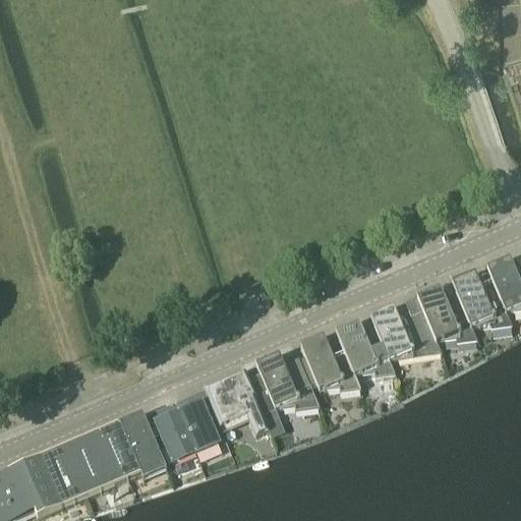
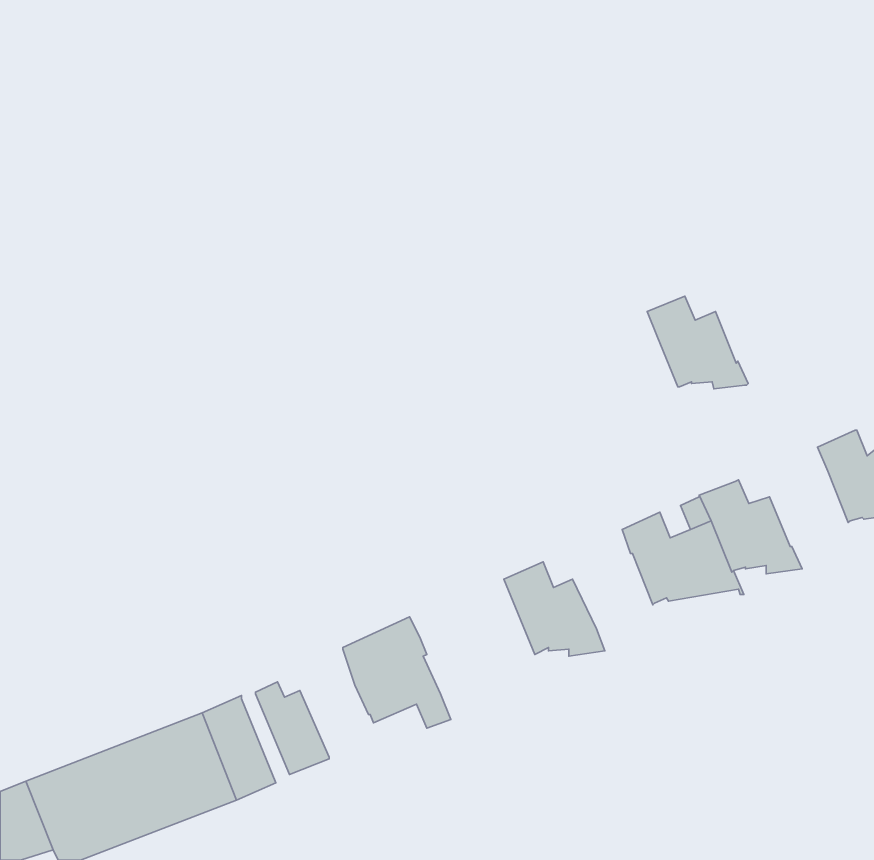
building: [452,271,512,326] -> [647,296,748,389]
building: [335,320,395,374] -> none
building: [250,352,320,412] -> none
building: [175,388,220,450] -> none

